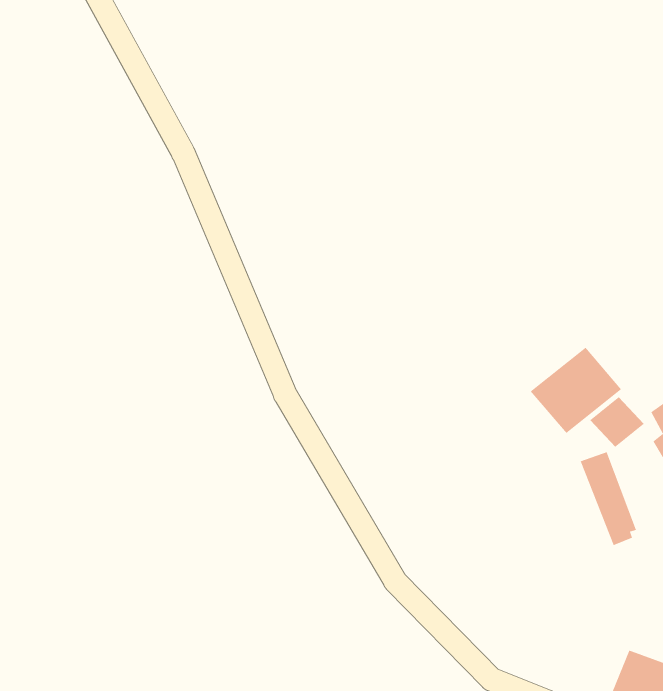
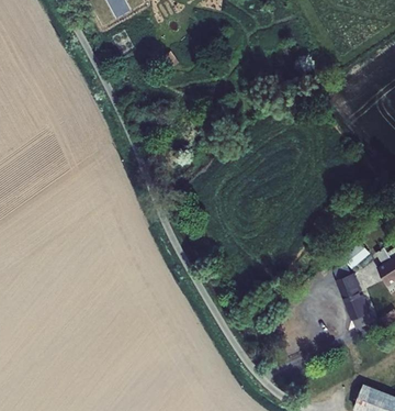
building: [530,347,622,434] -> none

